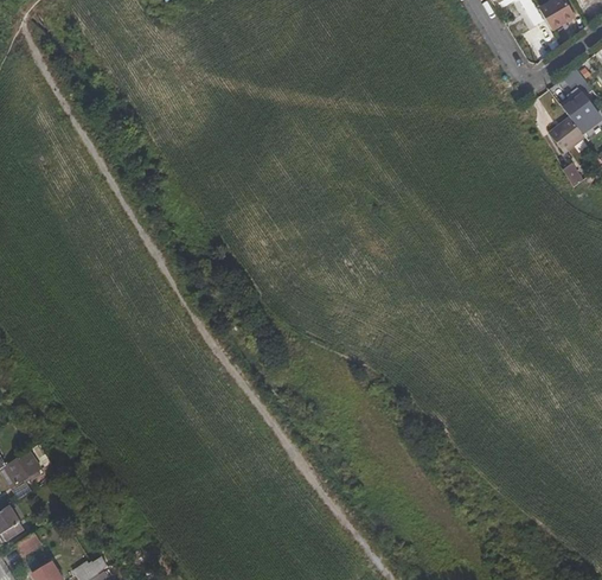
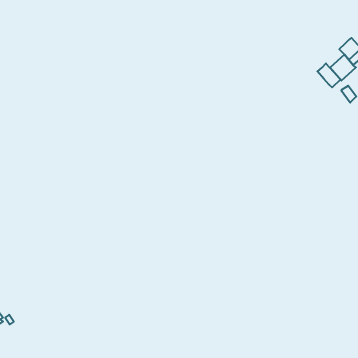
building: none -> [317,63,340,87]

